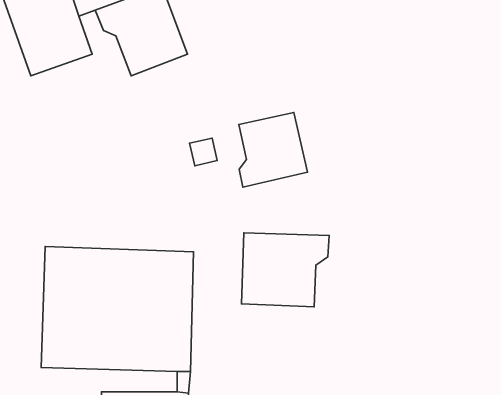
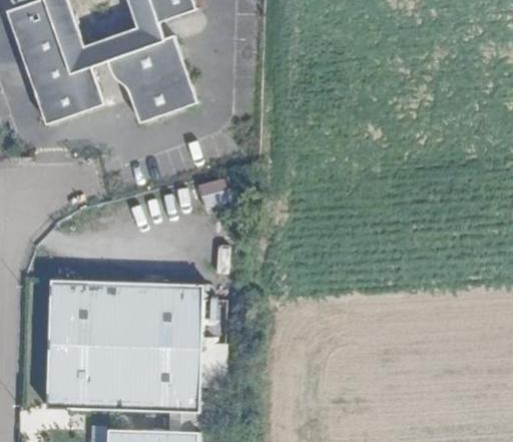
building: [239,112,307,187] -> none
building: [242,233,329,307] -> none

